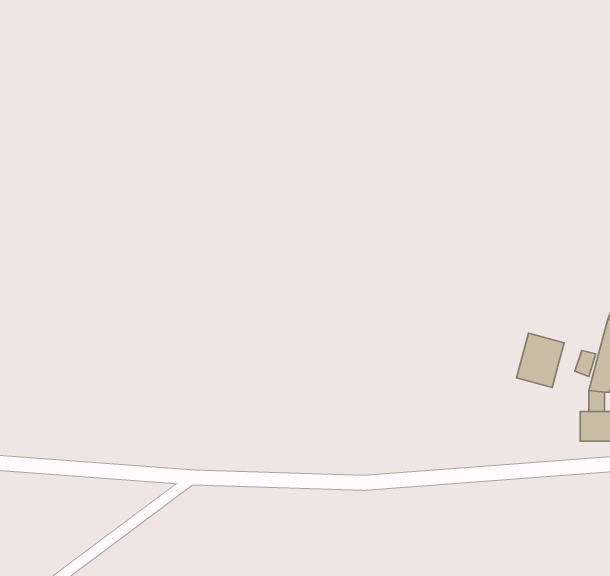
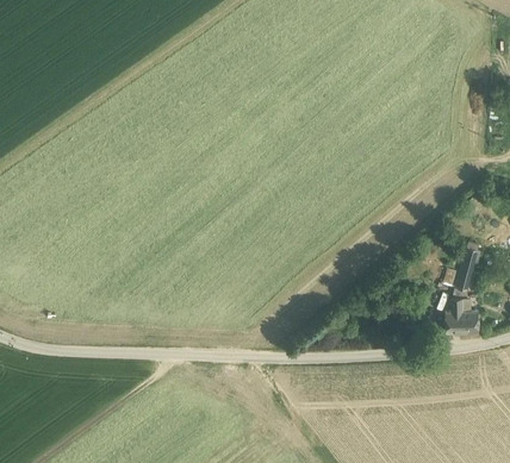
building: [517,333,564,387] -> none

